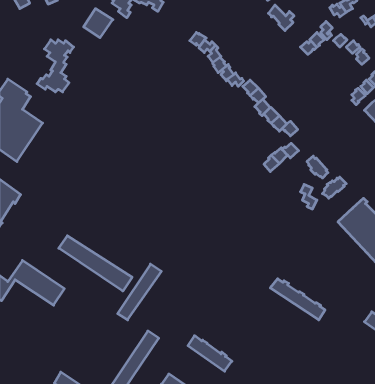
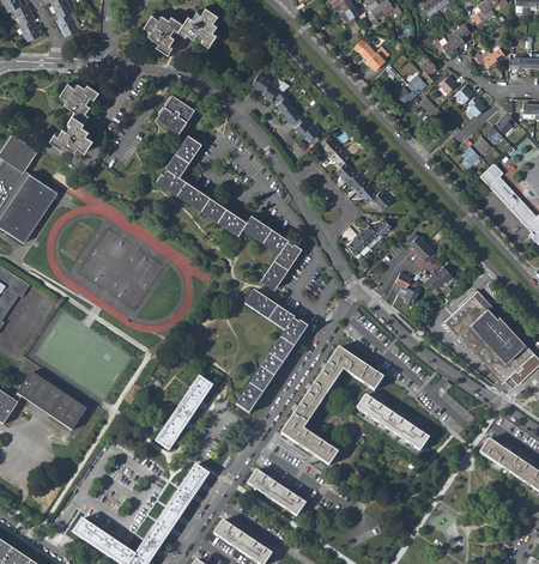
building: [84,9,113,38] -> [157,93,195,132]
building: none -> [157,134,302,289]
building: none -> [235,290,308,413]
building: [59,236,132,291] -> none
building: none -> [281,346,382,465]

